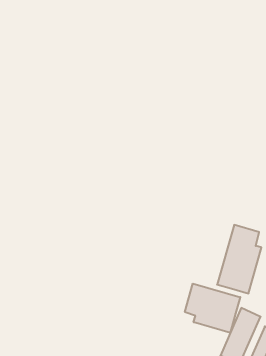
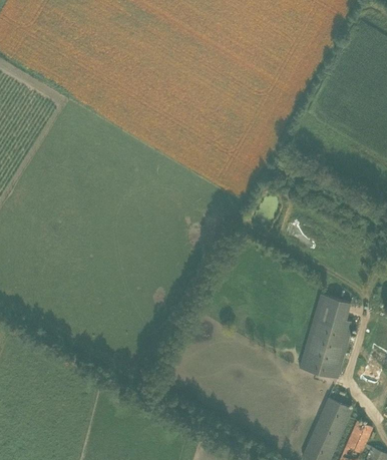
building: [185,284,240,333] -> none

